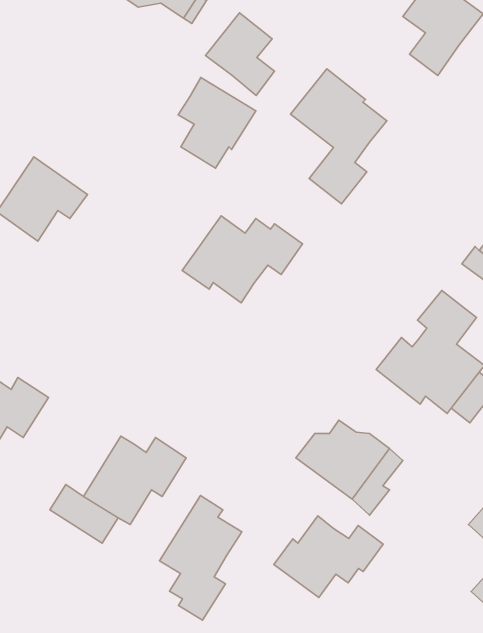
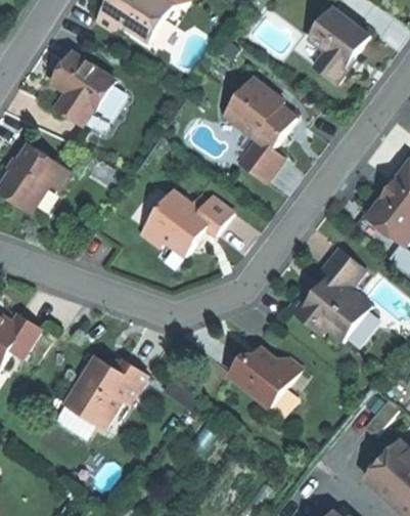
building: [205,13,275,95] -> none
building: [178,77,256,168] -> [54,53,113,123]
building: [160,495,242,620] -> none
building: [274,516,383,598] -> none

